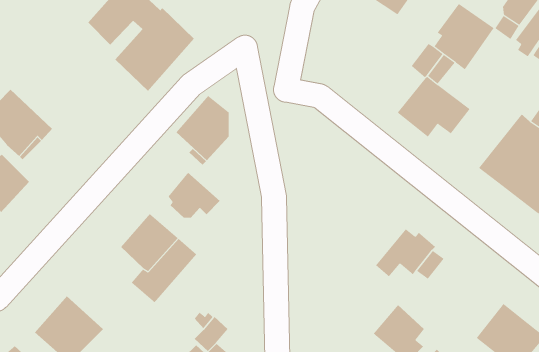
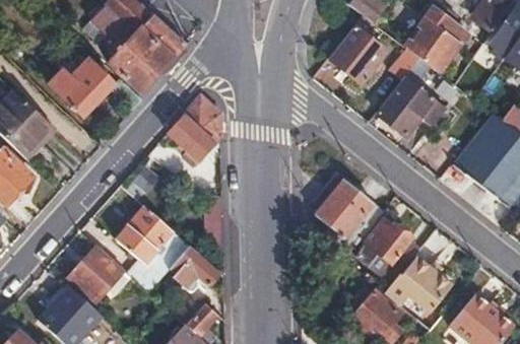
building: none -> [328,26,384,81]
building: none -> [52,60,114,116]
building: [167,172,221,218] -> [172,246,221,289]
building: none -> [317,181,382,252]
building: none -> [69,246,122,299]
building: none -> [386,258,453,311]

